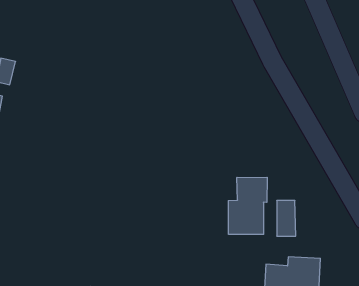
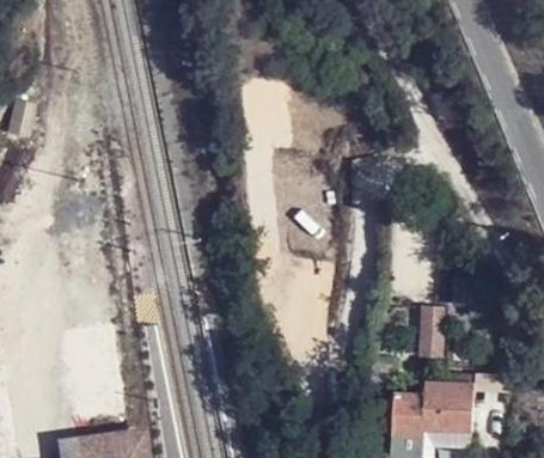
building: [228,177,267,234] -> none

